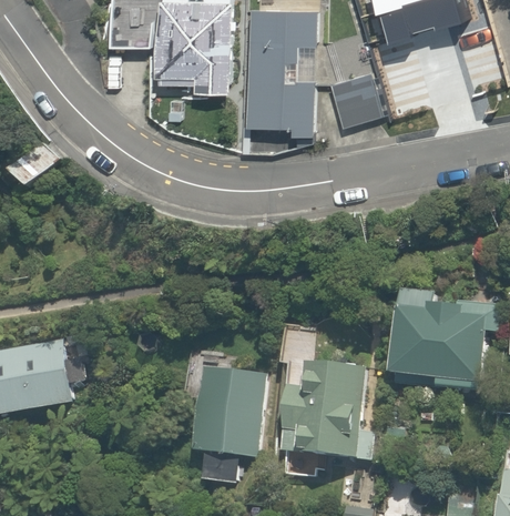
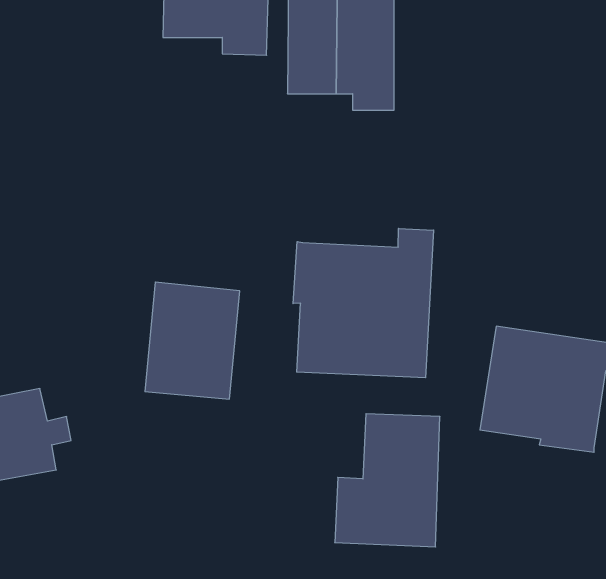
building: [329,72,382,129] -> none
building: none -> [293,228,434,378]
building: [193,367,264,455] -> [145,282,240,399]

